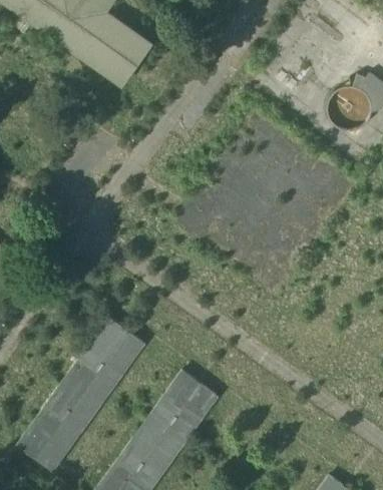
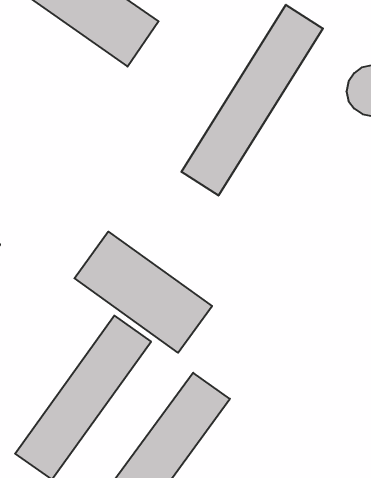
building: none -> [181,5,323,196]
building: none -> [74,232,212,353]

